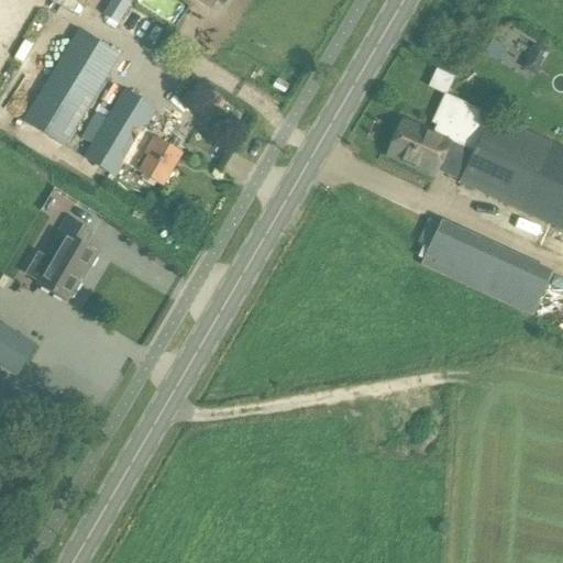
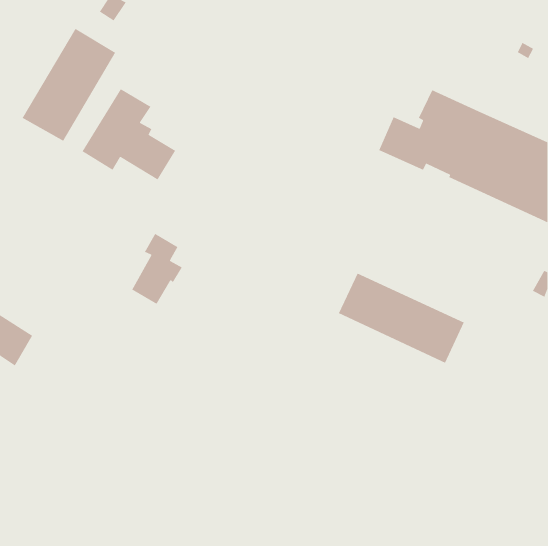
building: [43,217,96,290] -> [131,233,183,305]
building: [421,221,551,314] -> [338,273,465,364]

